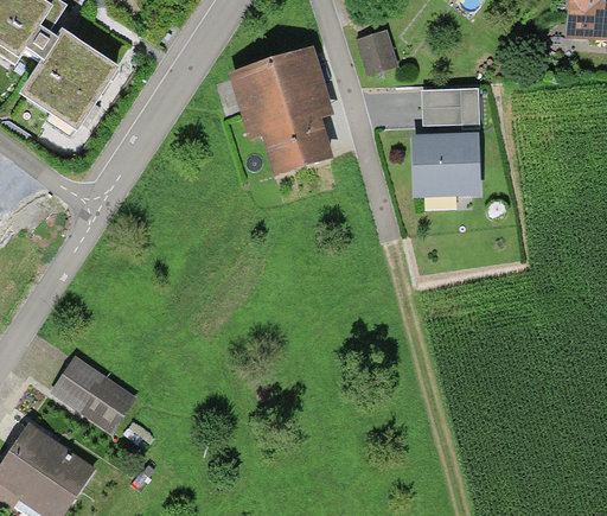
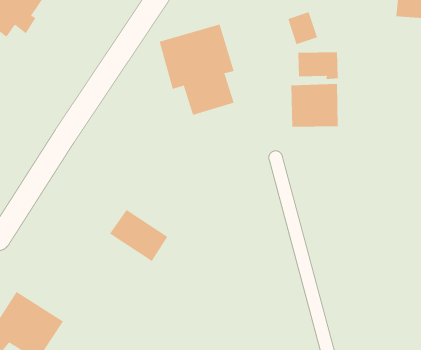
building: [356,26,398,74] -> [287,11,318,45]
building: [17,28,117,132] -> none
building: [51,357,134,432] -> [109,209,168,262]

